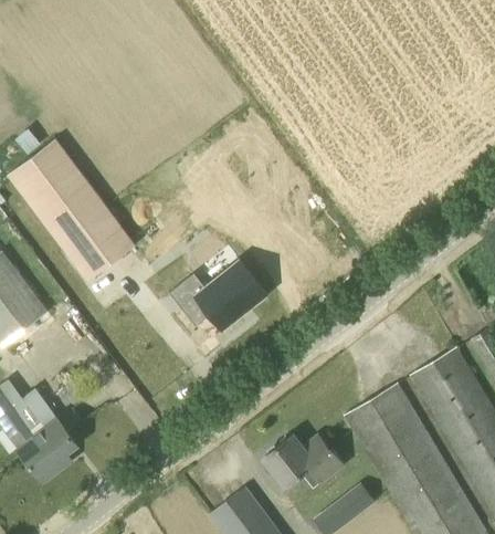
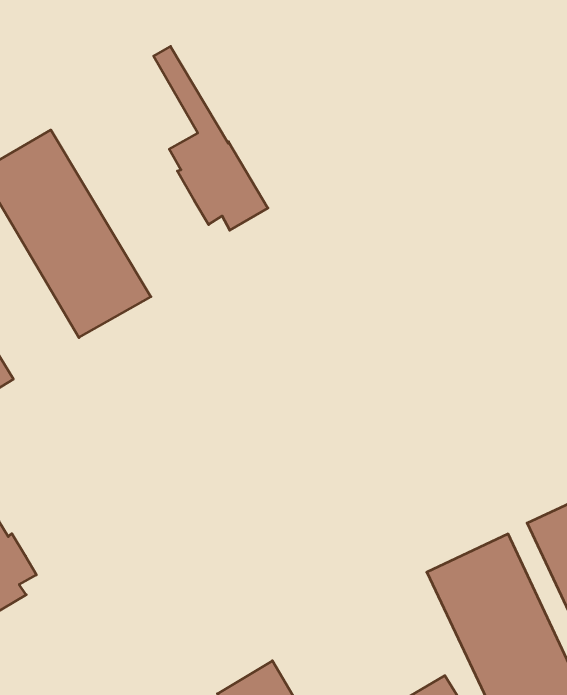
building: none -> [154,46,268,230]
building: [172,263,266,328] -> none
building: [265,437,343,485] -> none

